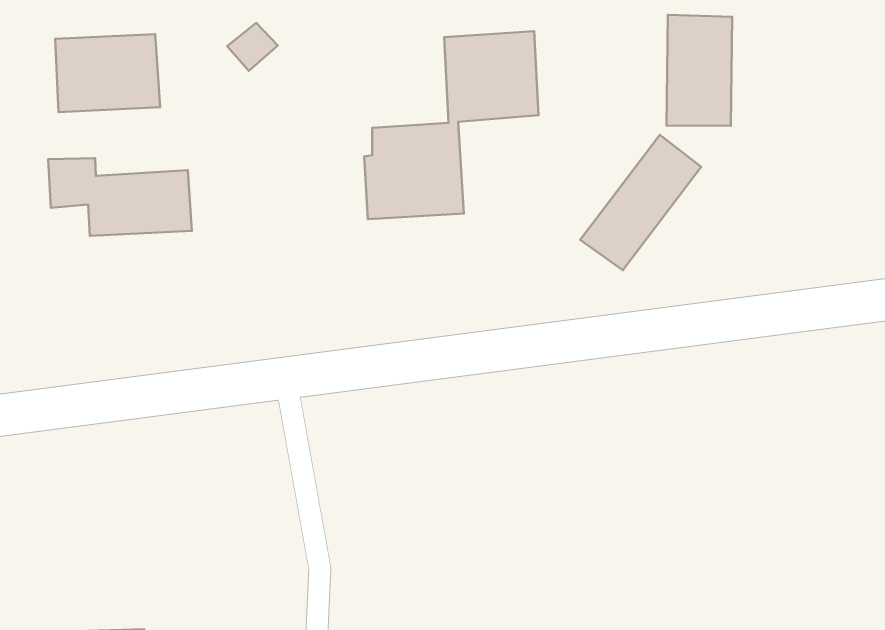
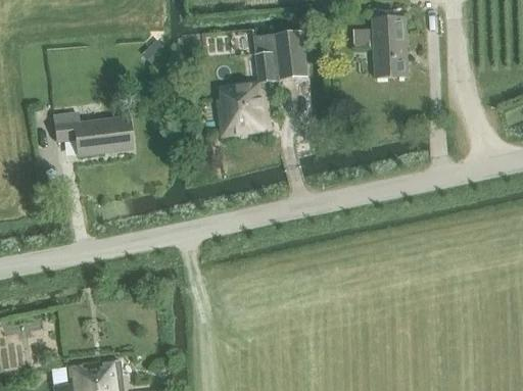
building: [55,34,160,112] -> none
building: [580,135,701,270] -> none

